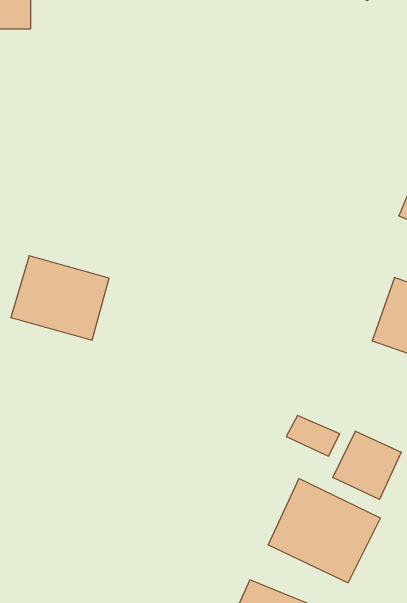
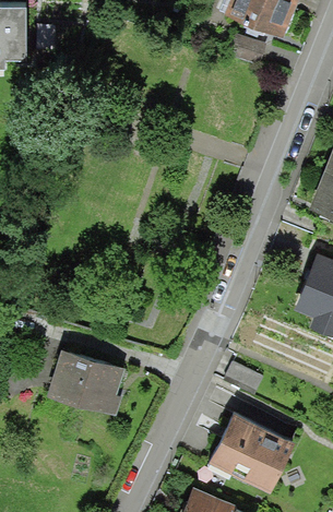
building: [11,256,109,340] -> [49,348,126,414]
building: [333,431,401,499] -> none

